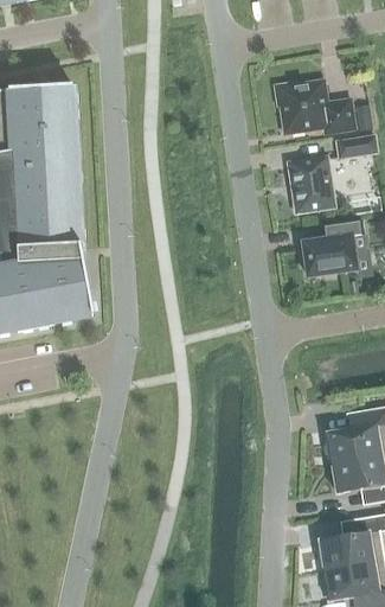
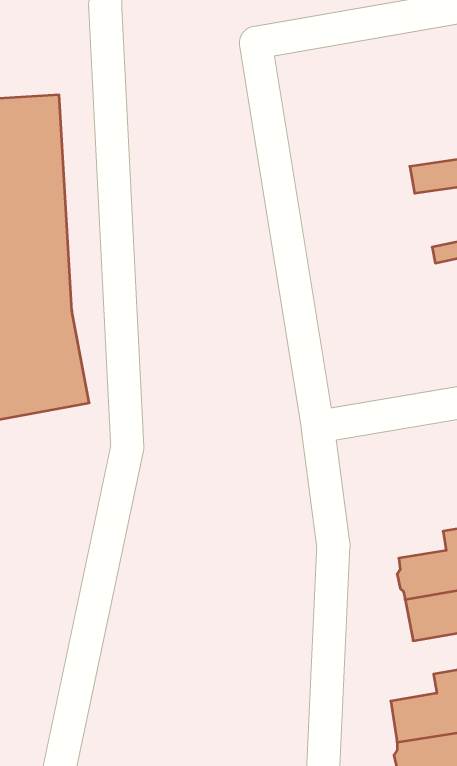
building: [274,79,354,133] -> none
building: [288,156,334,211] -> none
building: [300,218,362,276] -> none

